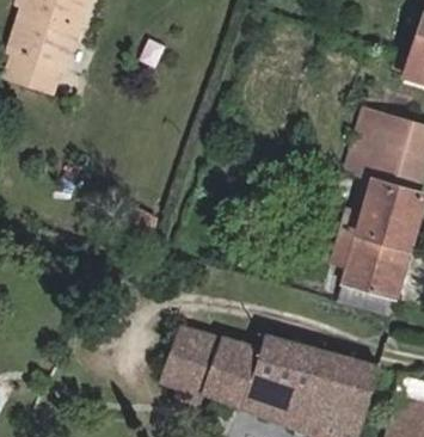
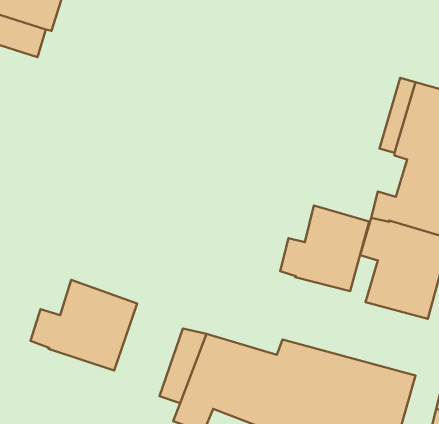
building: none -> [280,206,369,291]
building: none -> [30,280,137,371]

